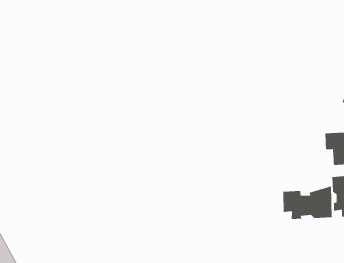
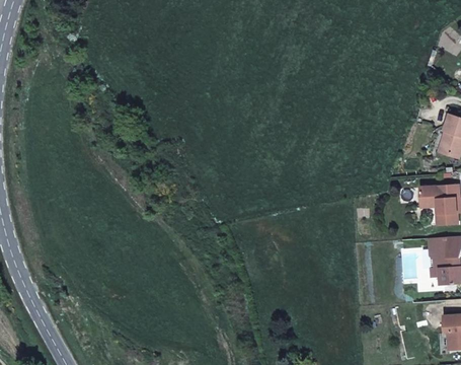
building: [283,186,332,220] -> none

